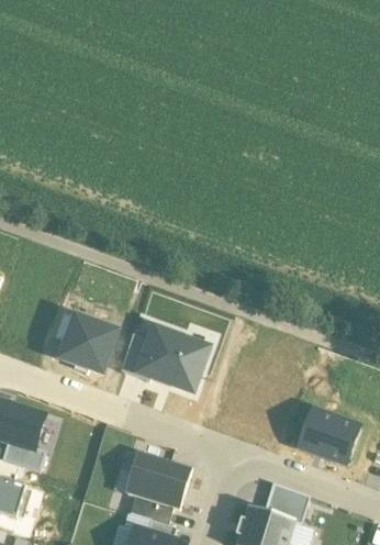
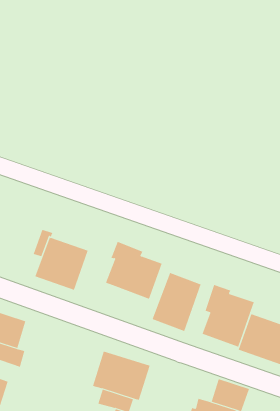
building: [118,333,150,380] -> none
building: none -> [152,272,202,332]
building: none -> [202,284,254,348]

